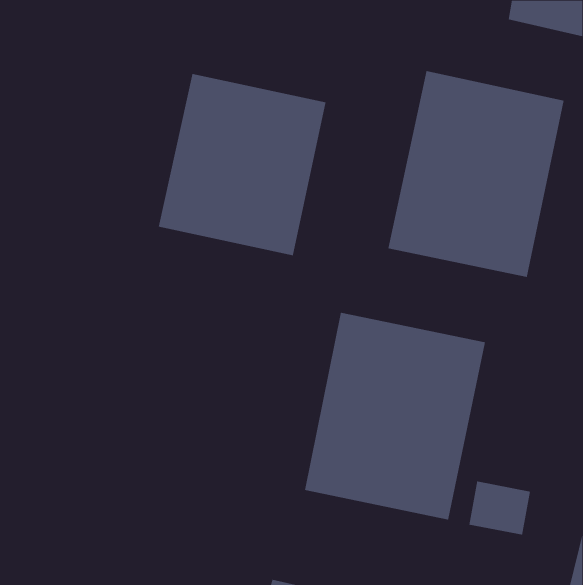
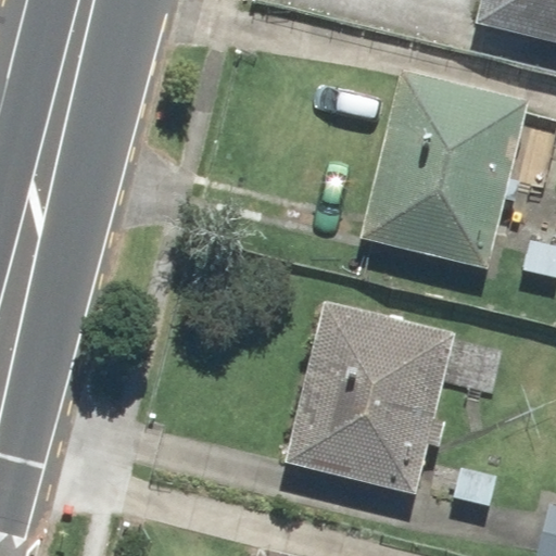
building: [158,73,326,256] -> none

